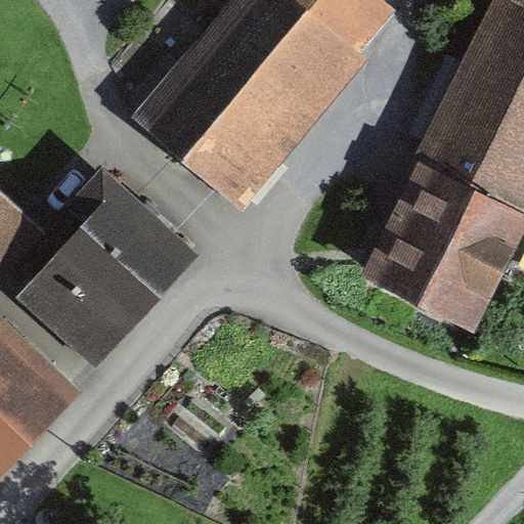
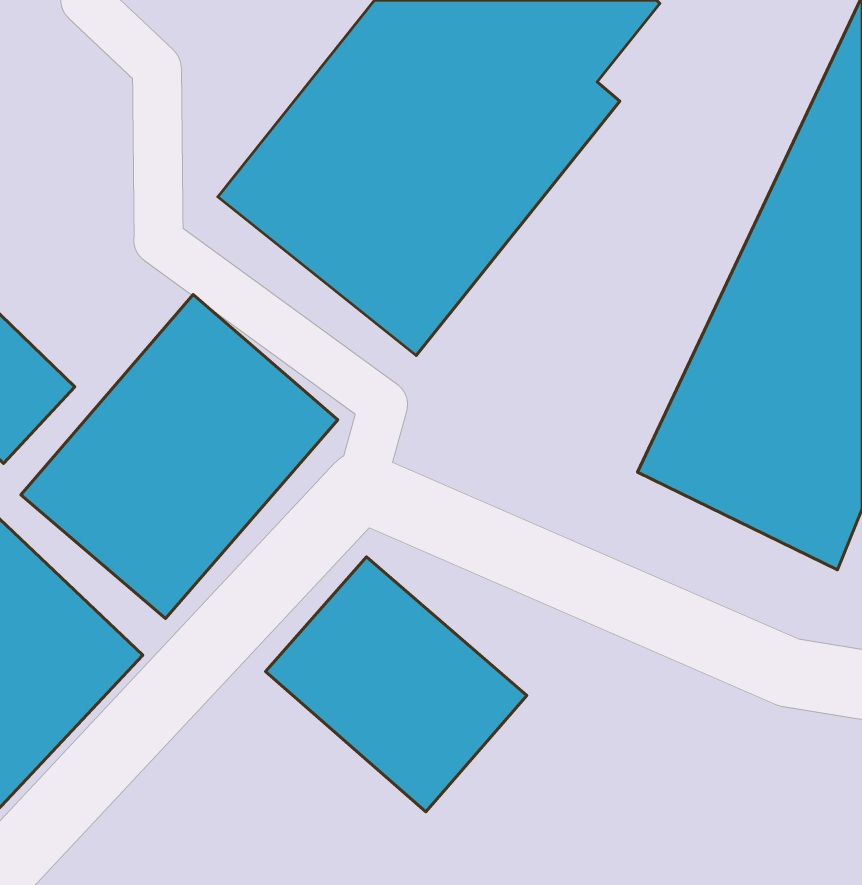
building: none -> [266,557,527,812]

